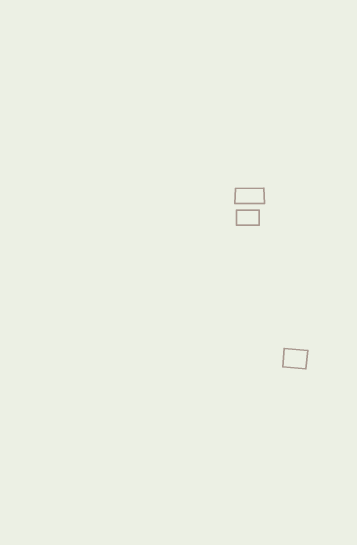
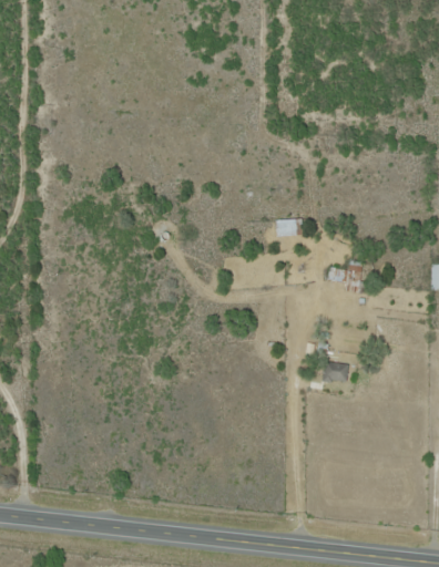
building: [235,188,264,204] -> none

